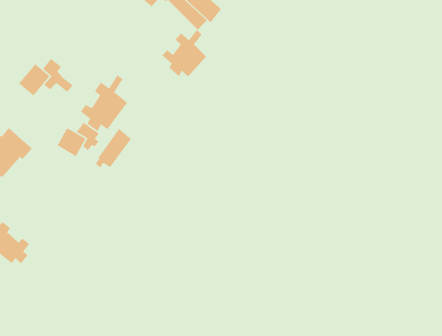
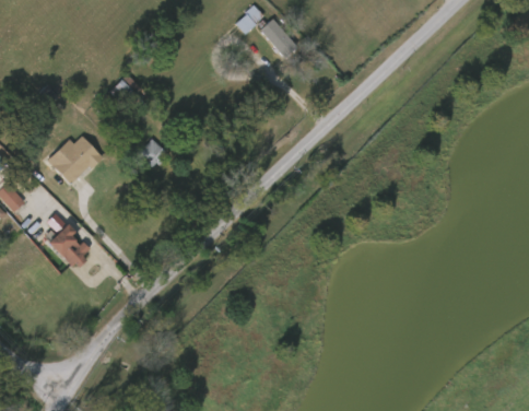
building: [162,29,207,77] -> none
building: [80,74,128,132] -> none
building: [95,128,132,169] -> none

